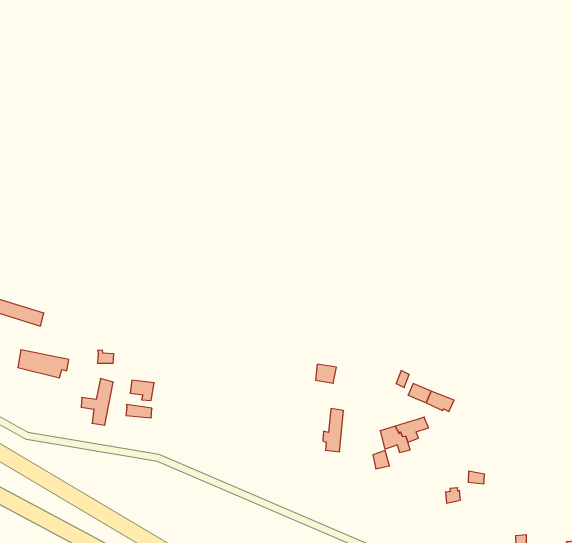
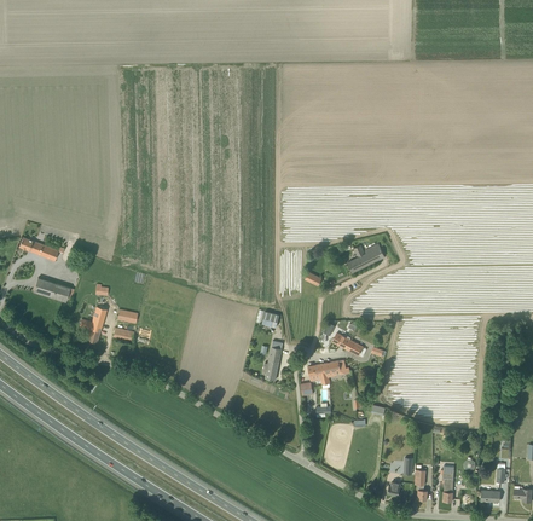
building: none -> [348,243,384,272]

